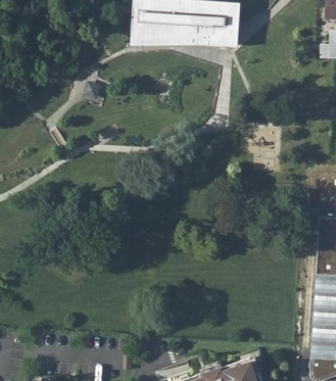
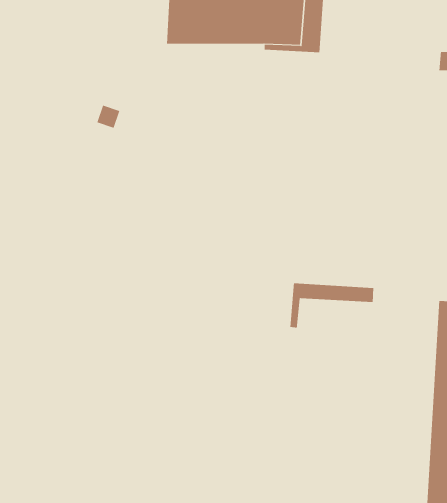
building: none -> [290,283,374,328]

